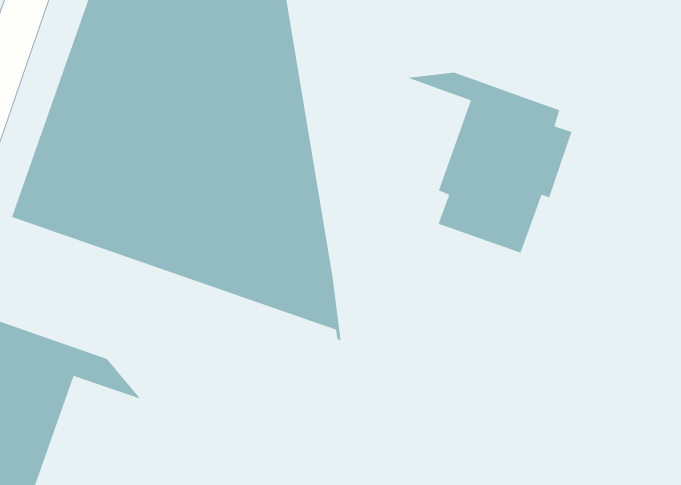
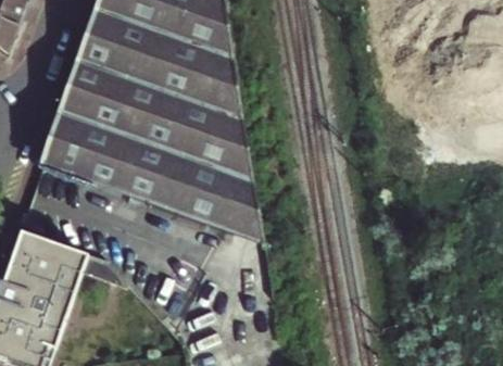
building: [408,72,572,254] -> none

